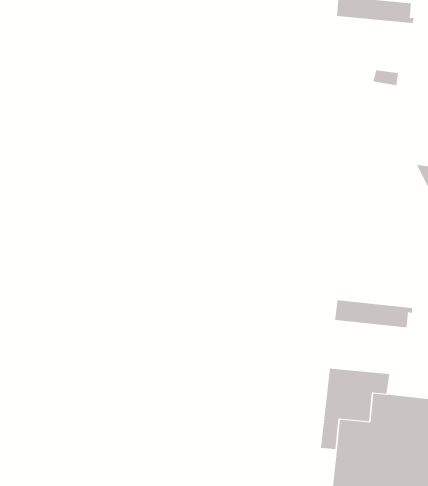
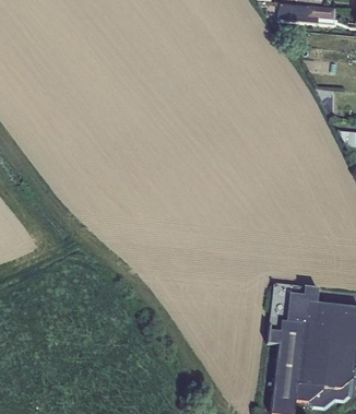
building: [334,299,413,328] -> none

